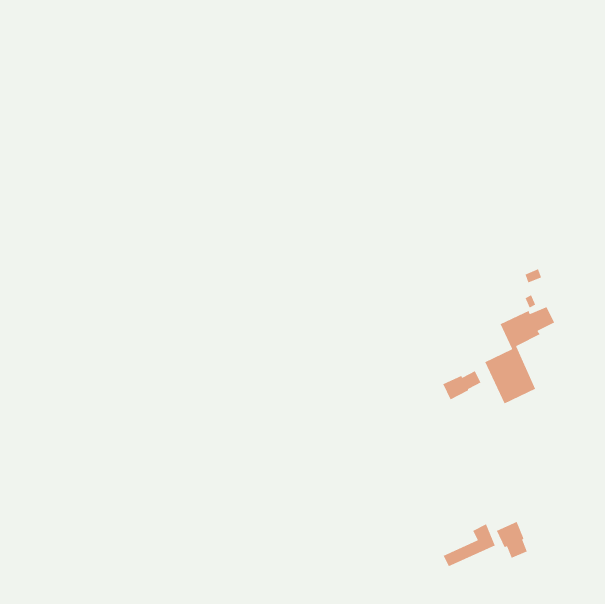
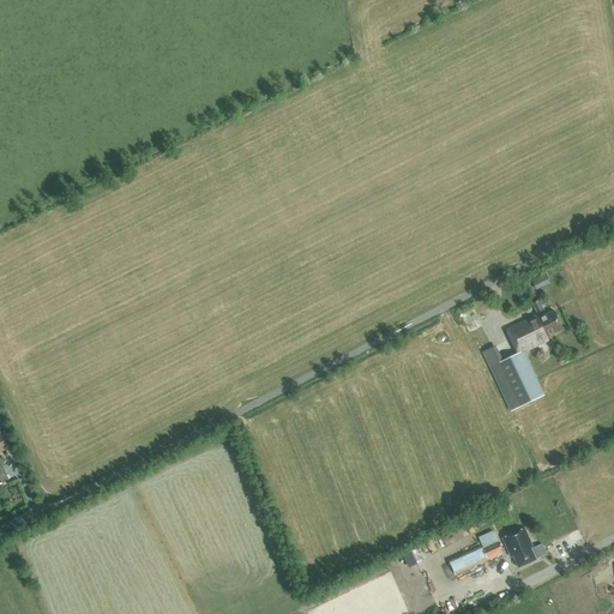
building: [442,370,481,400] -> none

